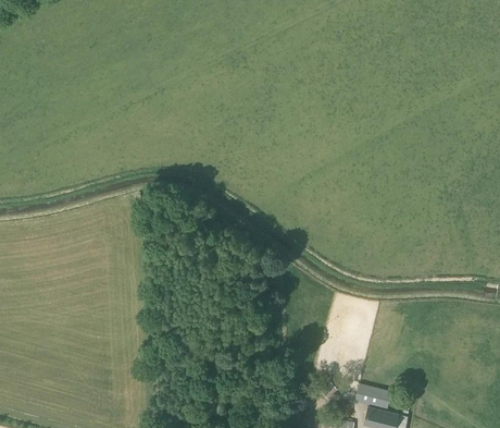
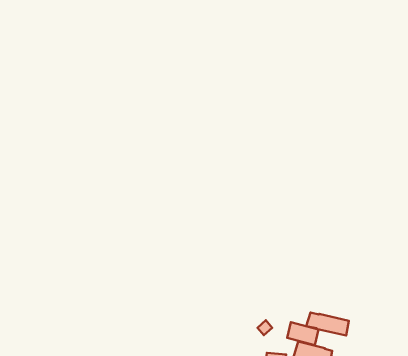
building: none -> [306,313,349,335]

